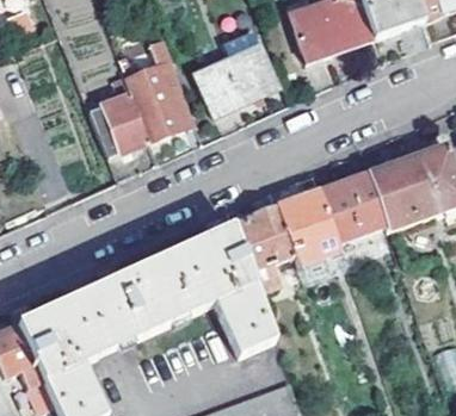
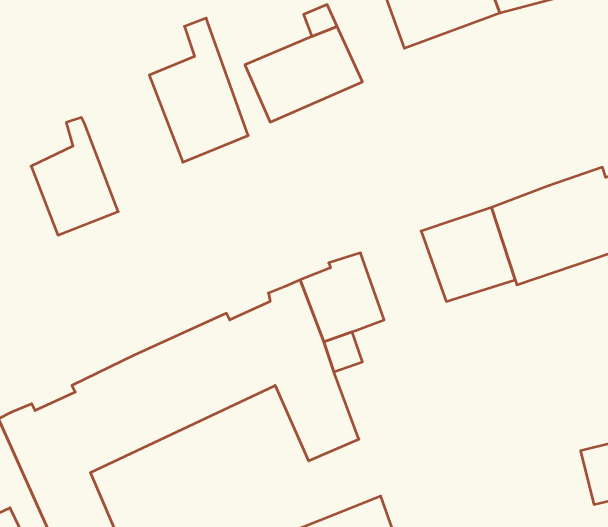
building: [87,76,149,160] -> [31,118,118,235]
building: [276,192,340,266] -> none

